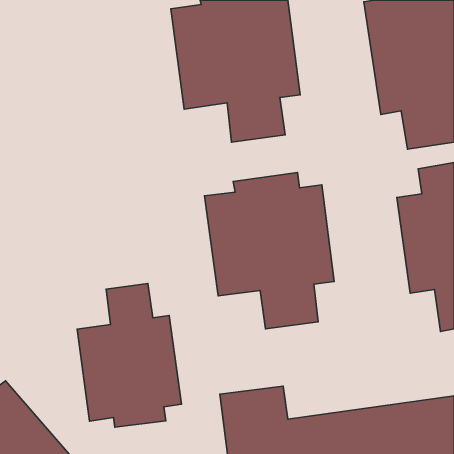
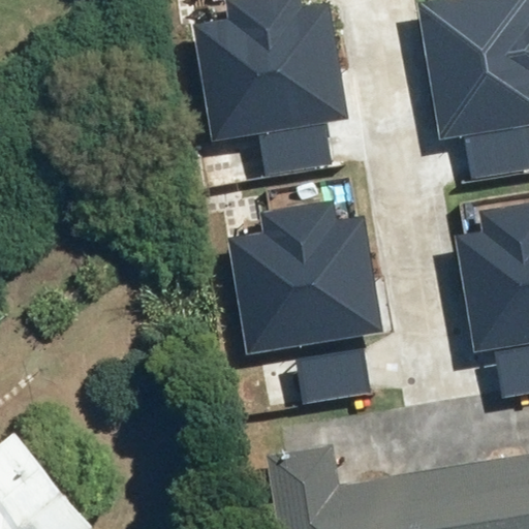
building: [77,284,181,427] -> none

